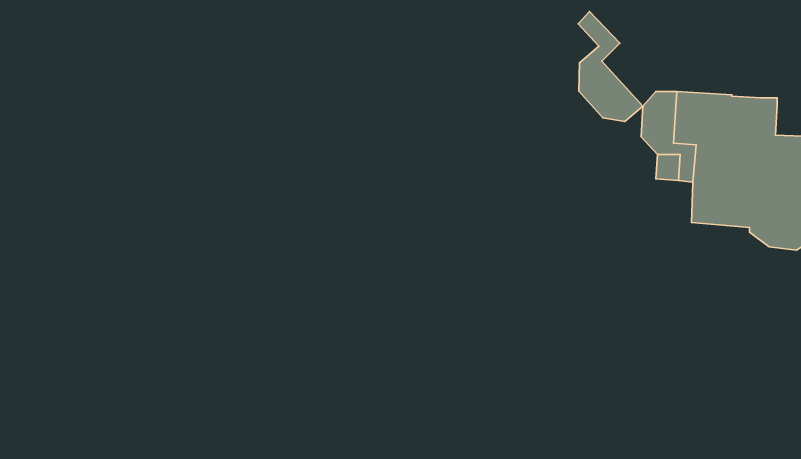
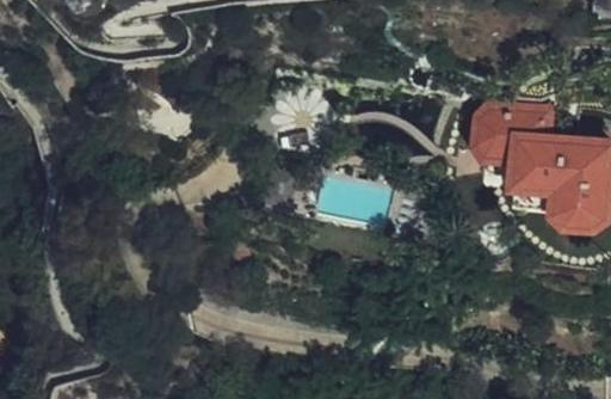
building: [578,12,643,122] -> none

